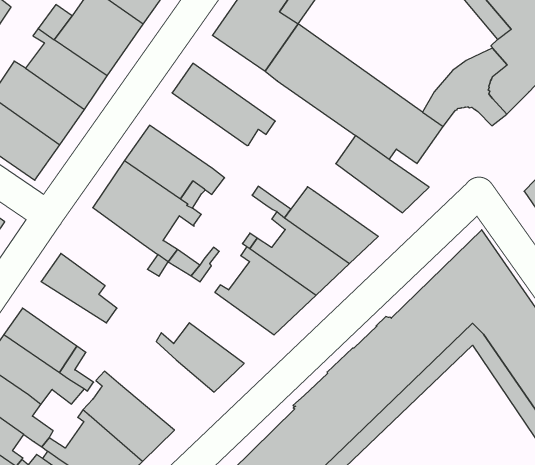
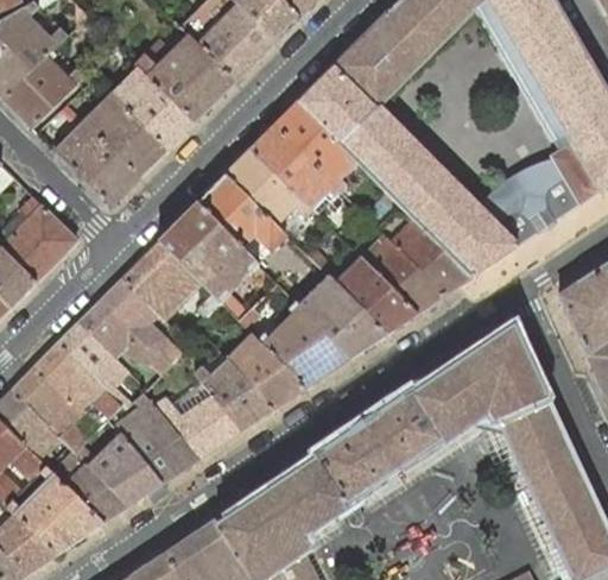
building: none -> [276,100,350,189]
building: none -> [226,146,312,222]
building: none -> [441,207,540,275]
building: none -> [356,235,444,311]
building: none -> [124,239,201,317]
building: none -> [80,298,175,372]
building: none -> [229,334,306,406]
building: none -> [156,392,242,456]

